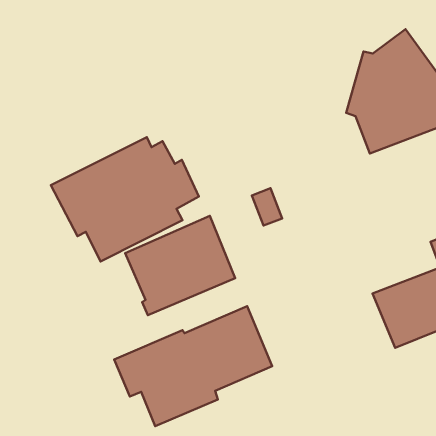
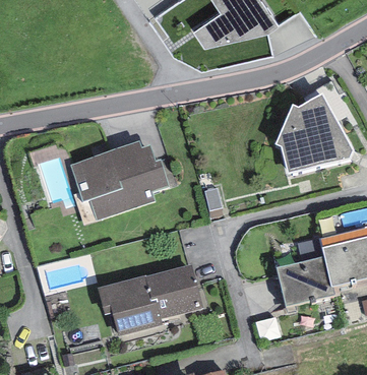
building: [125,216,235,315] -> none

